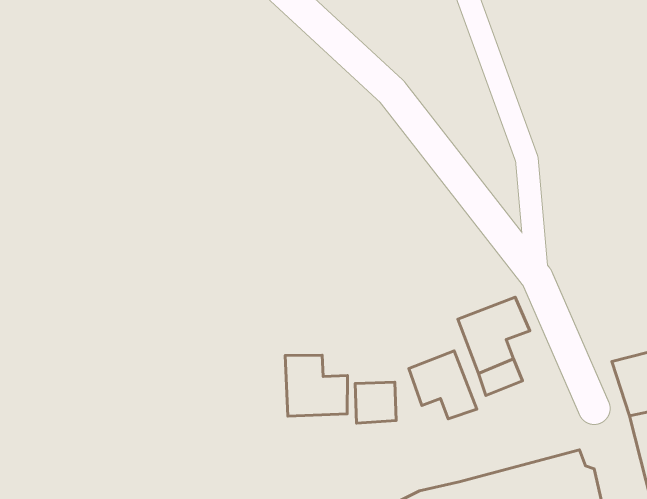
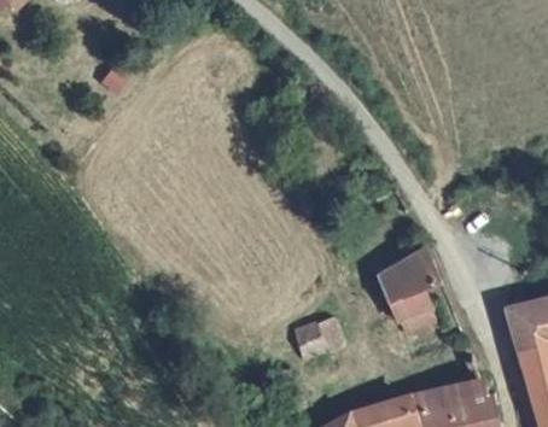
building: [409,351,477,419] -> none
building: [285,355,347,416] -> none

